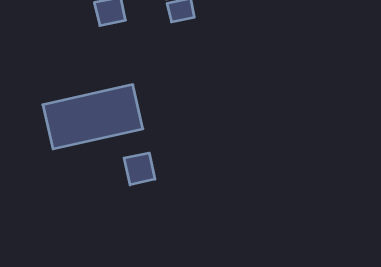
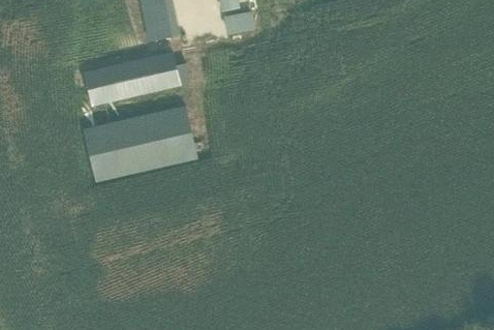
building: none -> [84,51,190,106]
building: [124,153,155,185] -> none

